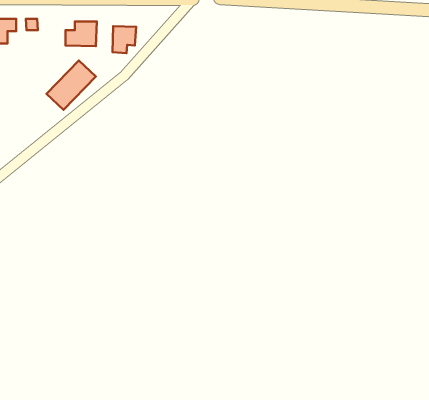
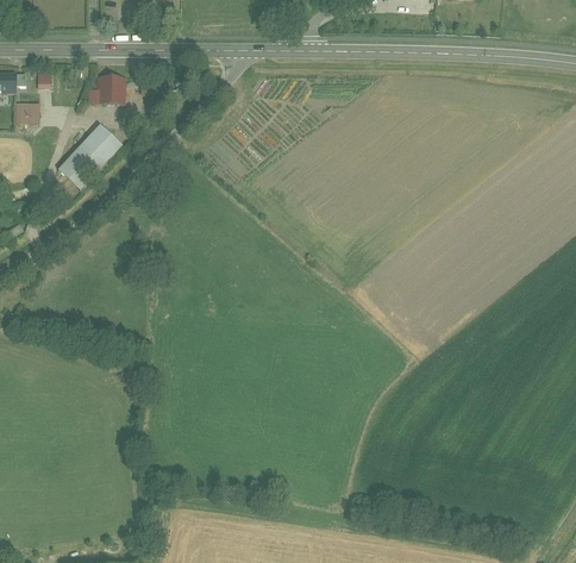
building: [112,26,136,53] -> none
building: none -> [12,105,38,127]

